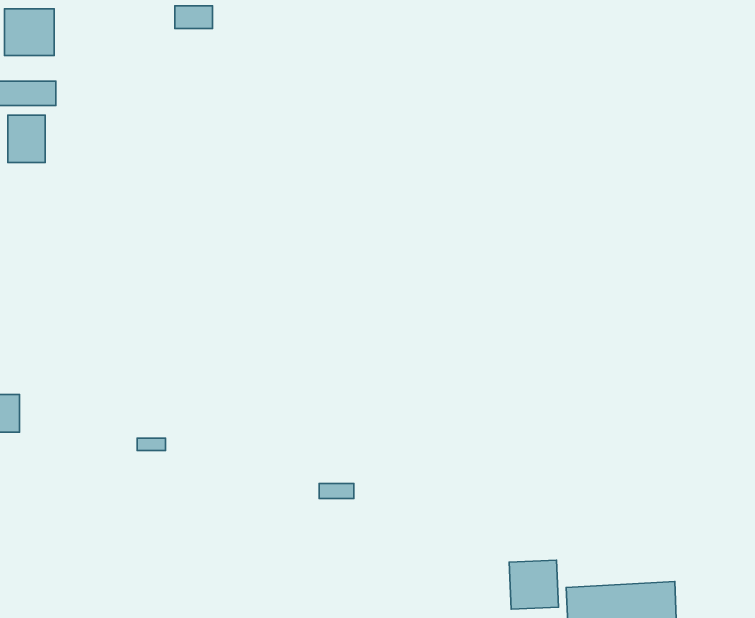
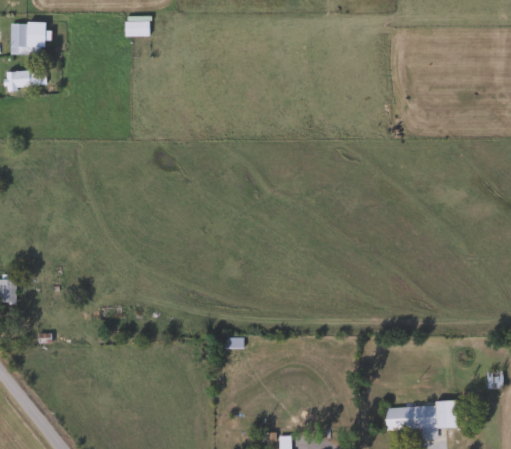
building: [8,115,45,162] -> none
building: [509,560,559,609] -> none

